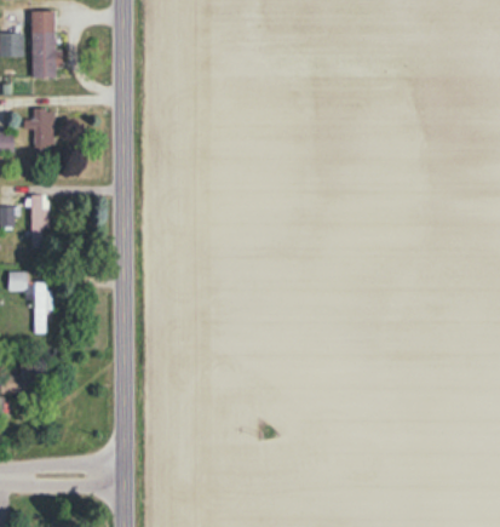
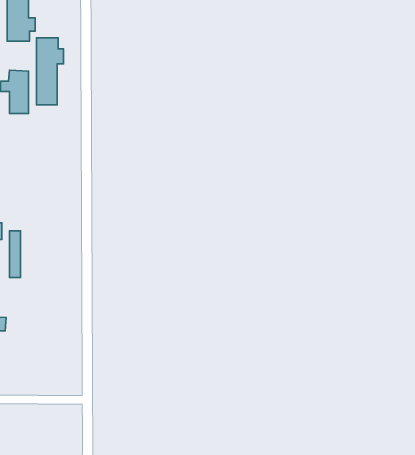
building: none -> [37,38,64,105]
building: [30,195,47,247] -> none

